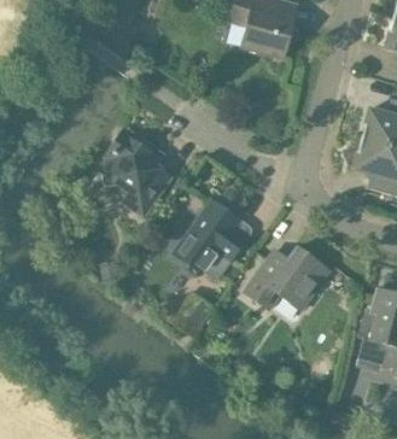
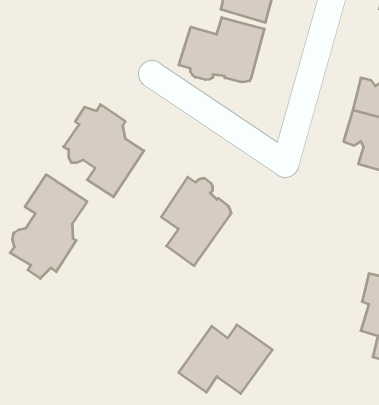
building: none -> [179,17,264,82]
building: none -> [10,175,87,279]
building: [233,246,319,309] -> [179,325,272,394]

